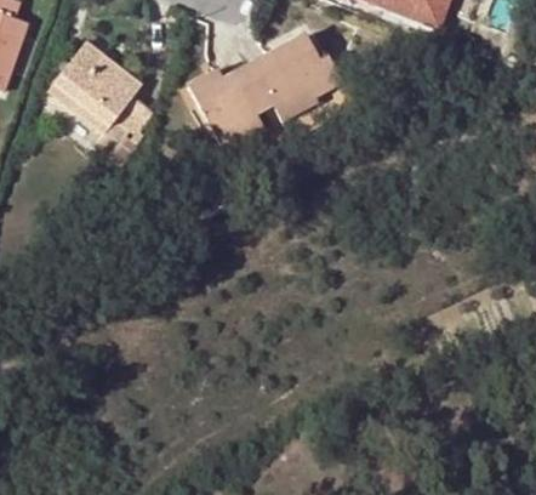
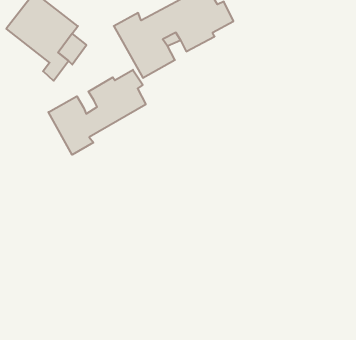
building: none -> [48,70,146,155]

